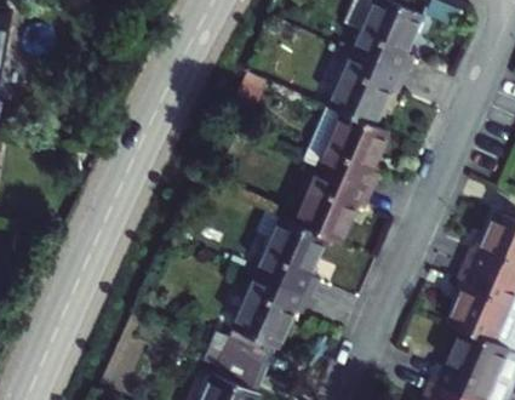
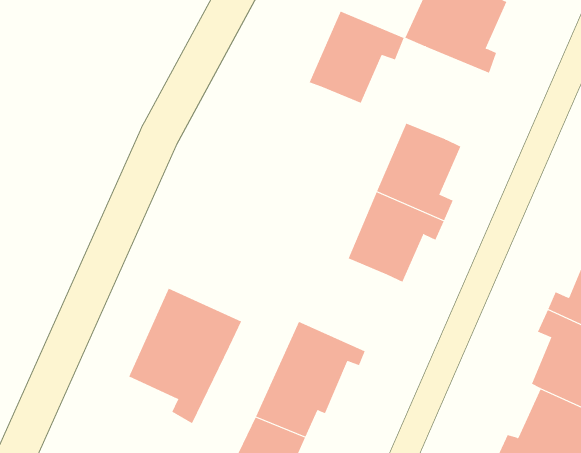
building: [338,40,416,115] -> [309,11,404,103]
building: [261,206,332,287] -> none
building: none -> [128,288,242,424]

